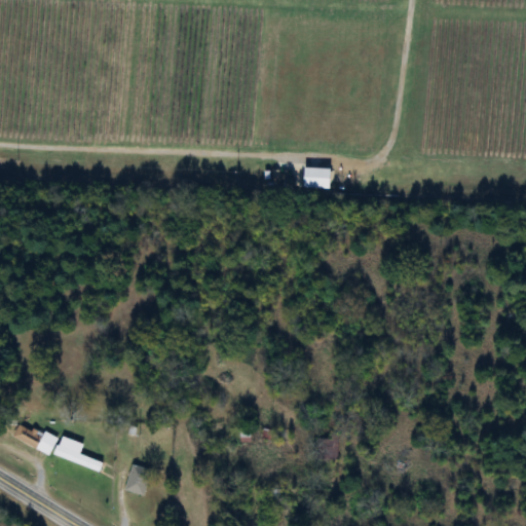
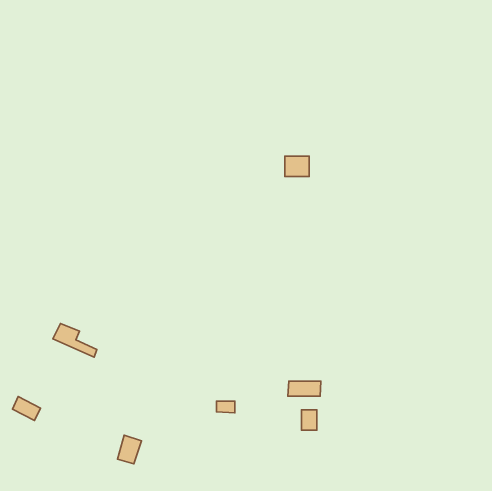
building: none -> [288,381,321,396]
building: [55,436,103,472] -> [53,323,97,357]

